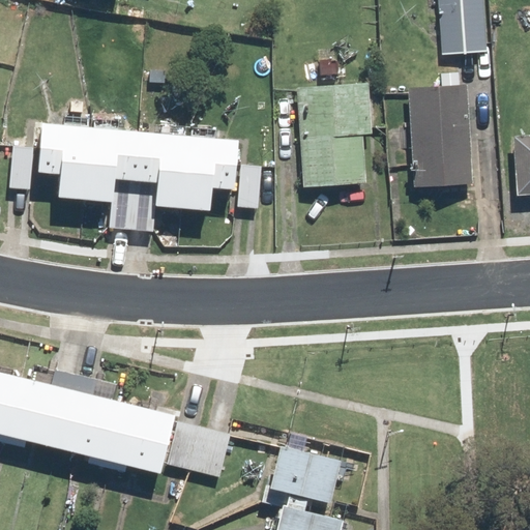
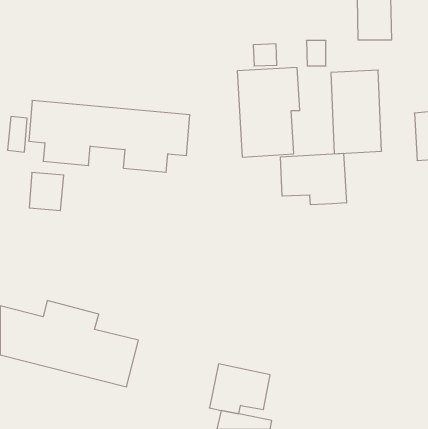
building: [113,184,155,231] -> [29,173,64,211]
building: none -> [281,153,346,205]
building: [166,419,230,475] -> none

